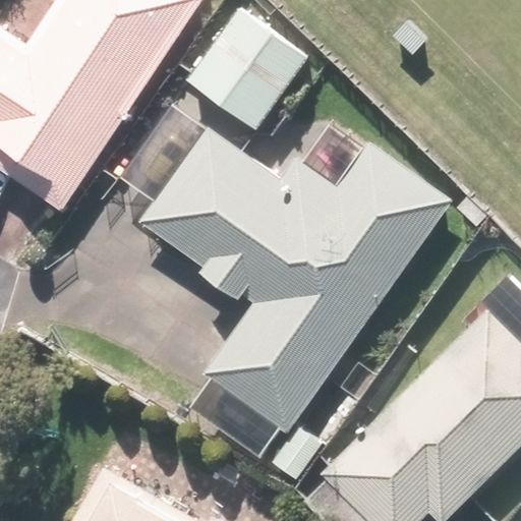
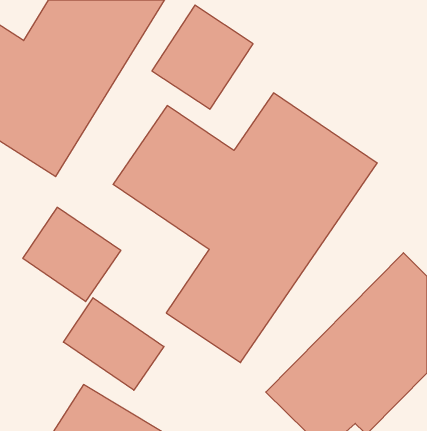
building: none -> [23,207,121,302]
building: none -> [63,298,164,390]

